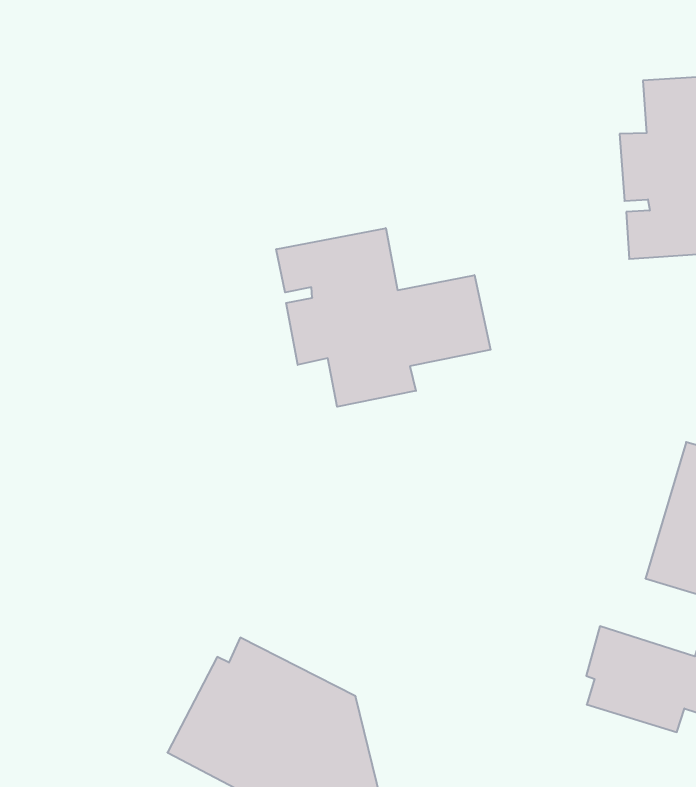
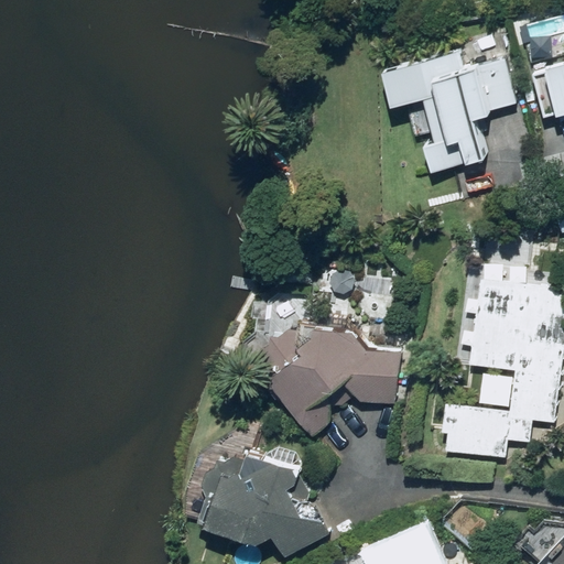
building: [276,228,491,407] -> none
building: none -> [259,296,399,438]

